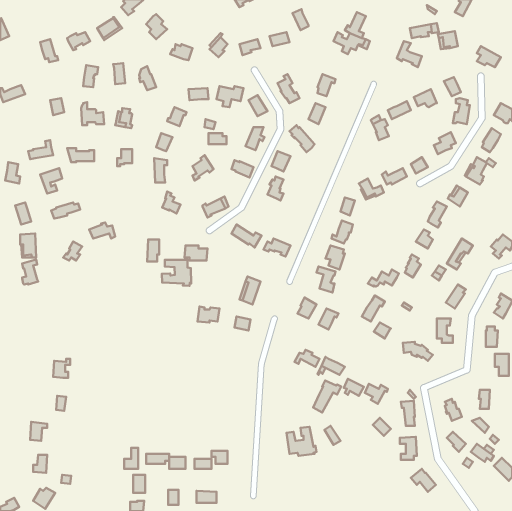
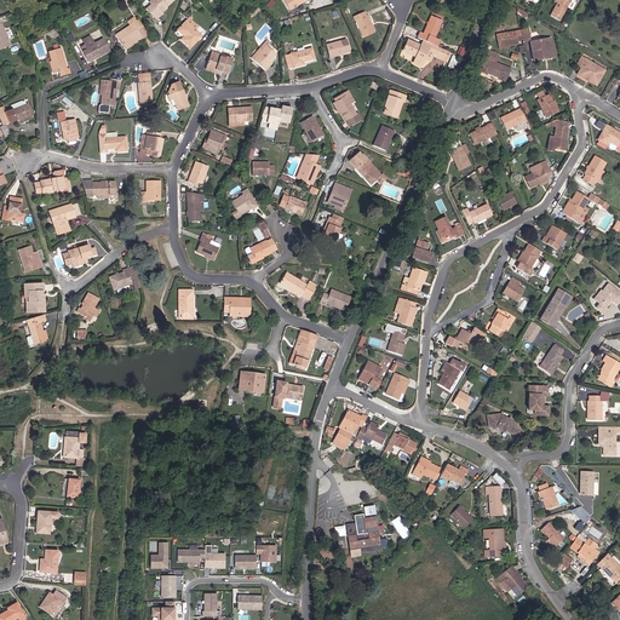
building: [162,260,191,286] -> none
building: [313,381,341,413] -> [333,409,367,448]

